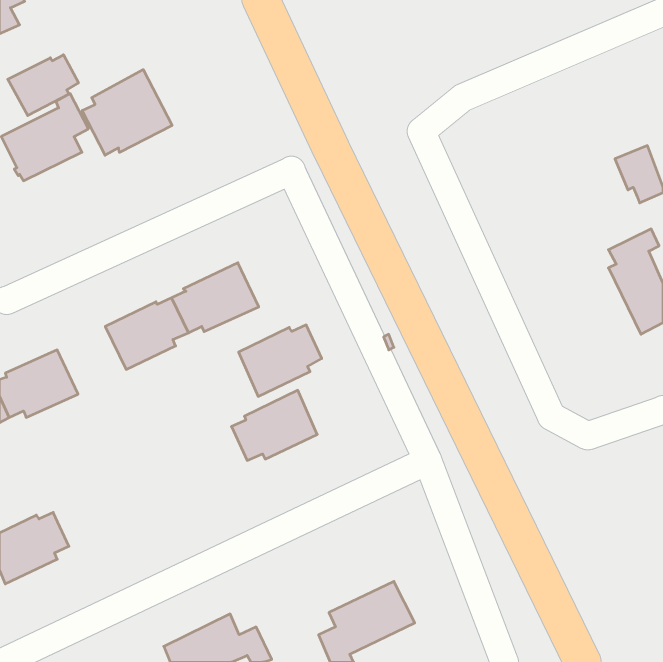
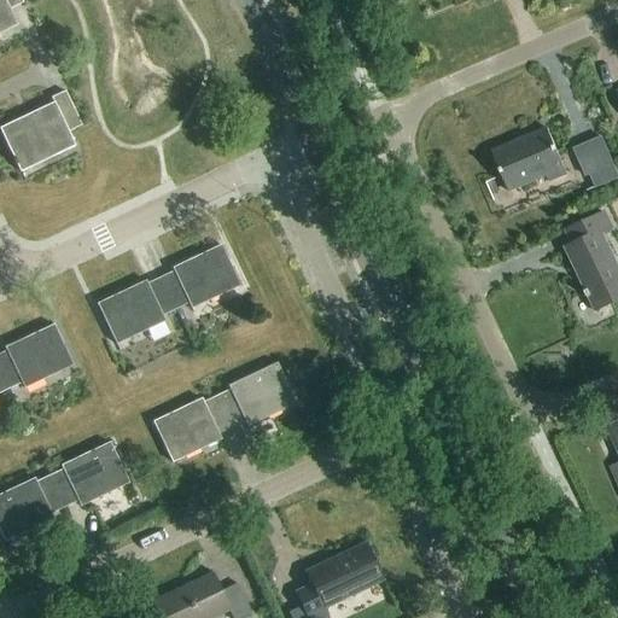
building: [8,55,78,116] -> none
building: [82,70,172,155] -> none
building: none -> [492,129,567,192]
building: [239,325,322,396] -> [152,396,229,462]
building: none -> [49,443,128,507]

